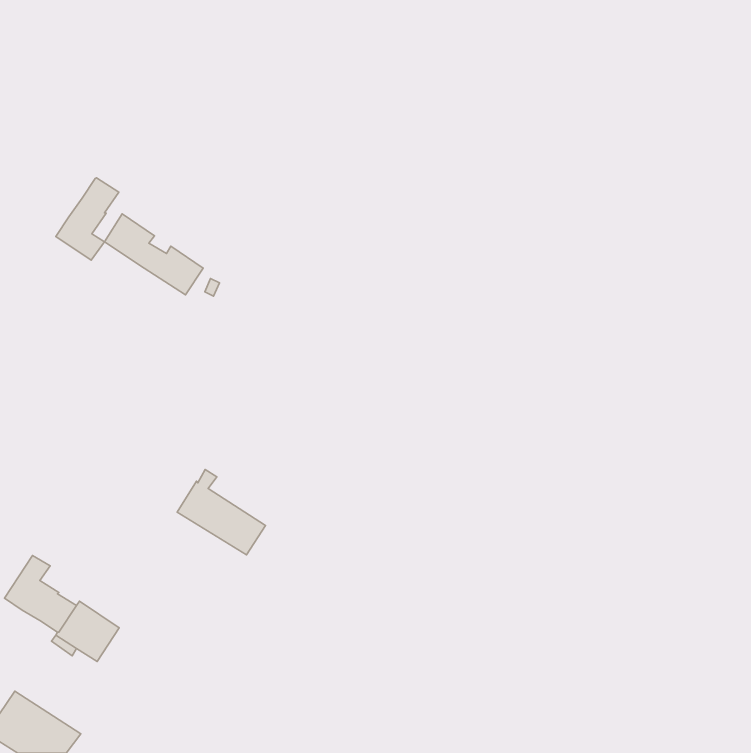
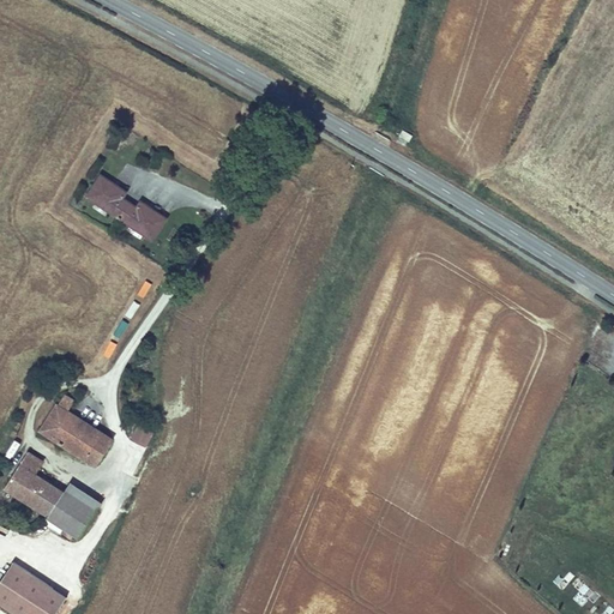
building: [56,178,119,260] -> none
building: [177,469,266,555] -> [40,395,112,464]

